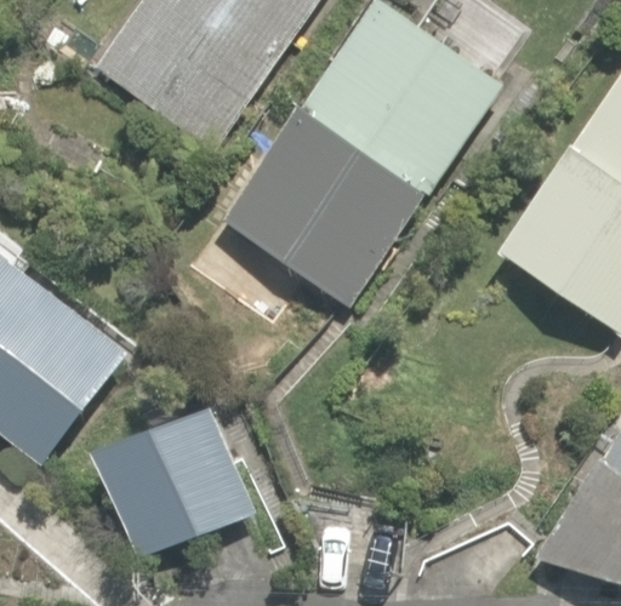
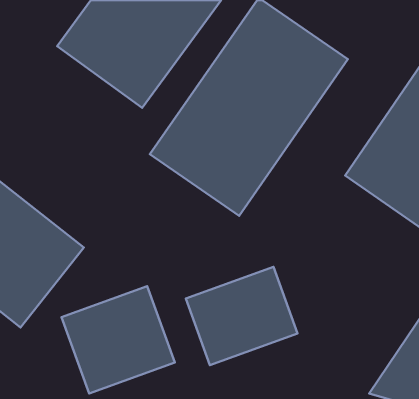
building: none -> [186,267,298,365]

